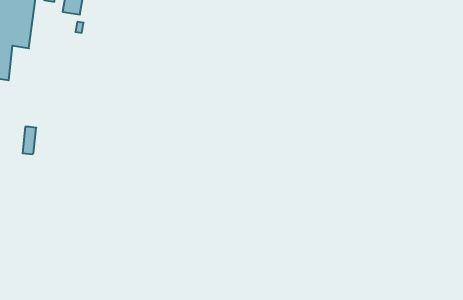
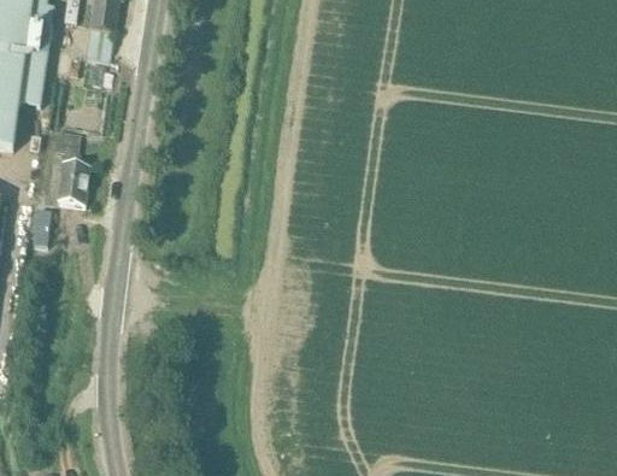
building: none -> [53,129,89,202]

